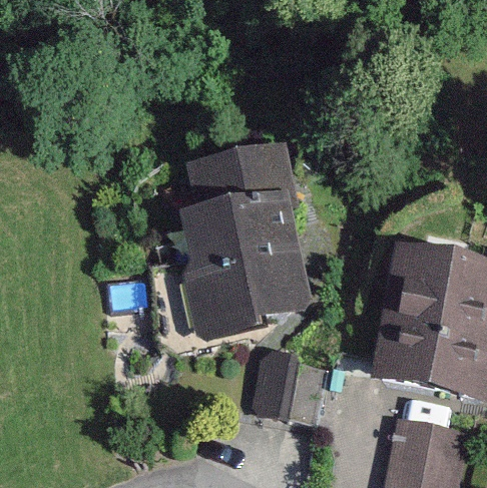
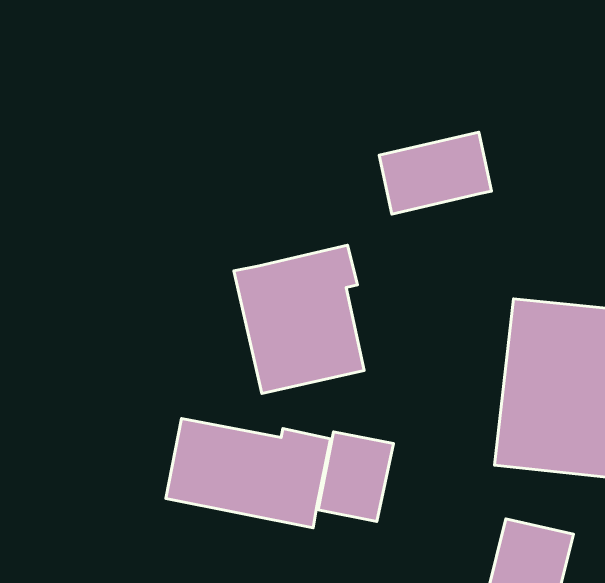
building: [195,159,284,223] -> [379,132,492,214]
building: none -> [166,418,331,528]

